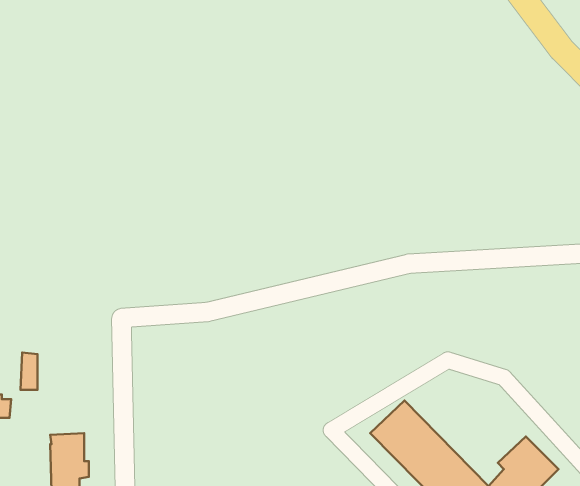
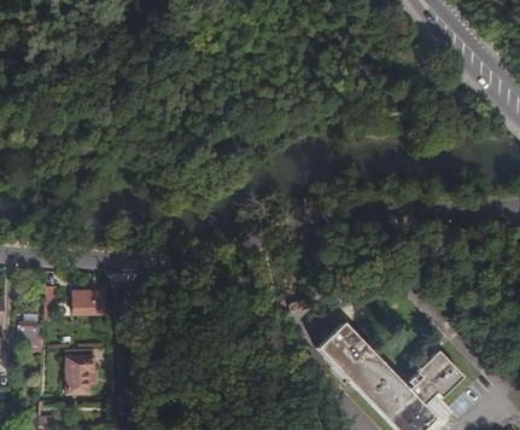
building: none -> [76,290,104,314]

